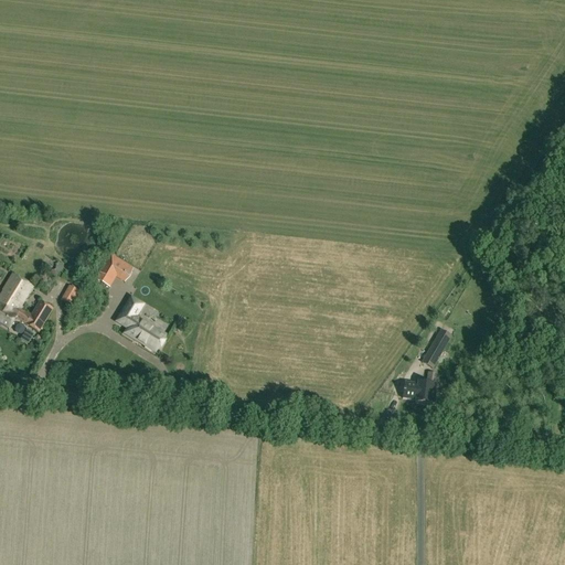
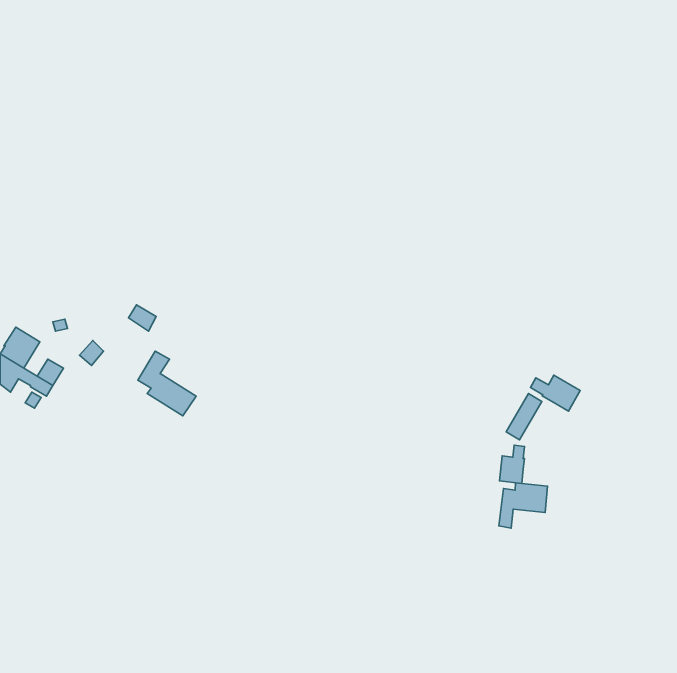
building: none -> [531,375,580,411]
building: none -> [499,483,548,528]

